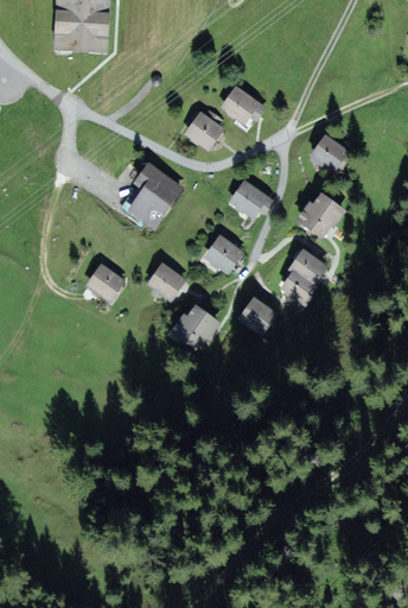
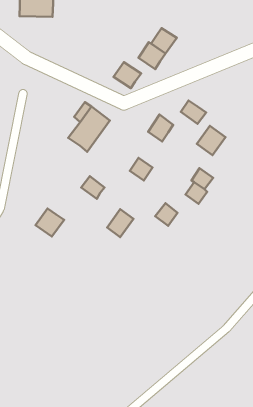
building: none -> [151,28,177,53]
building: [314,139,349,171] -> [181,100,206,124]
building: [87,260,126,298] -> [35,209,64,236]

